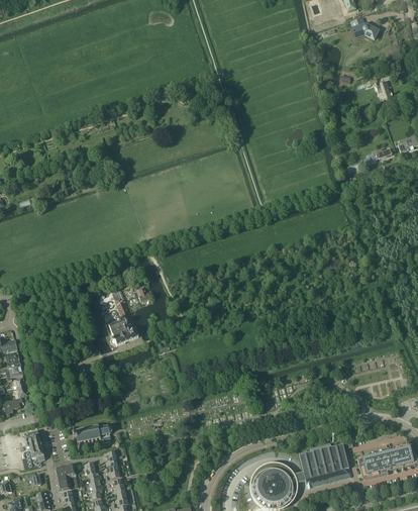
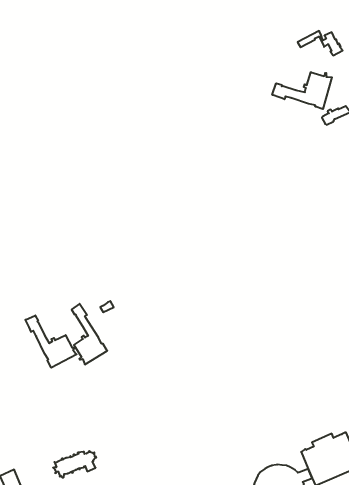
building: none -> [272,72,332,109]
building: none -> [25,315,77,368]

